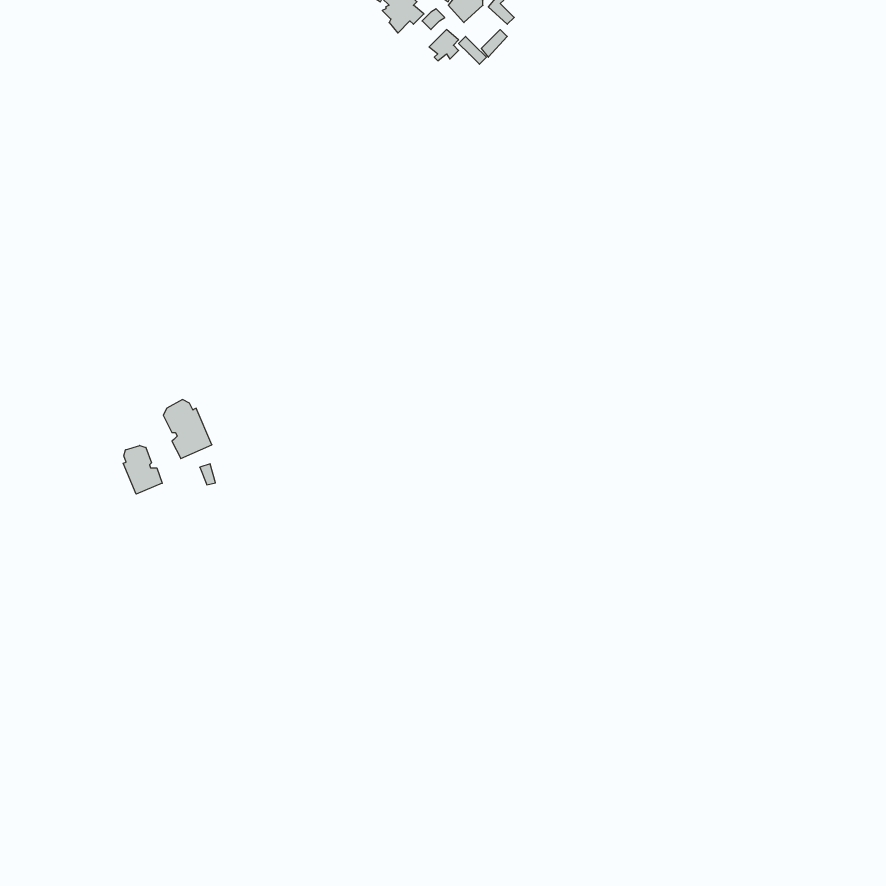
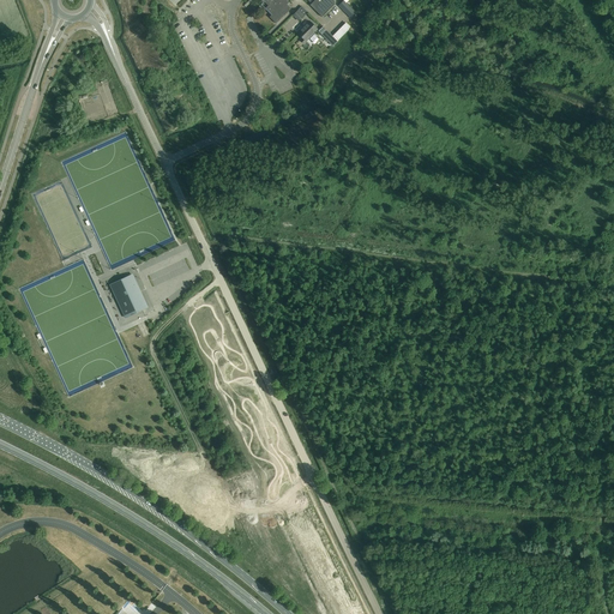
building: [123,445,162,494] -> none

